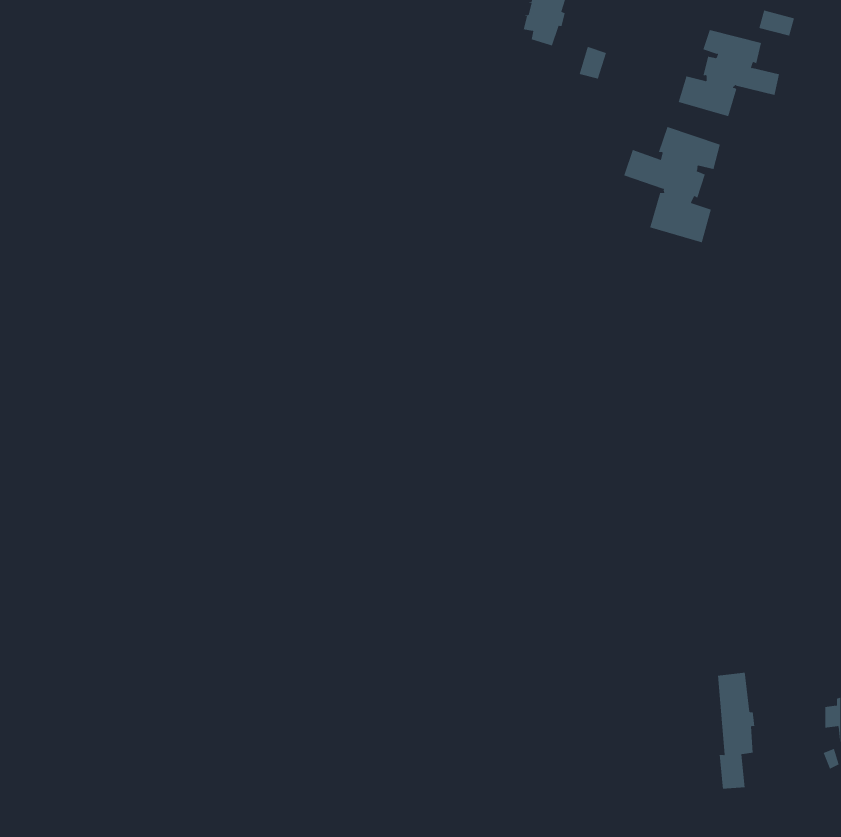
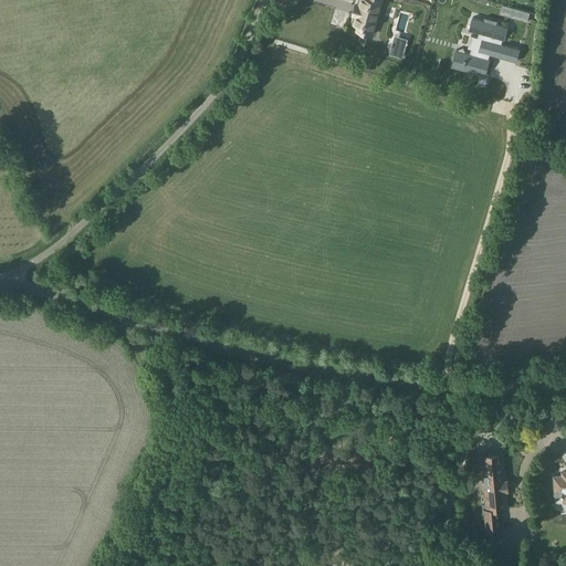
building: [623,126,720,243] -> none

